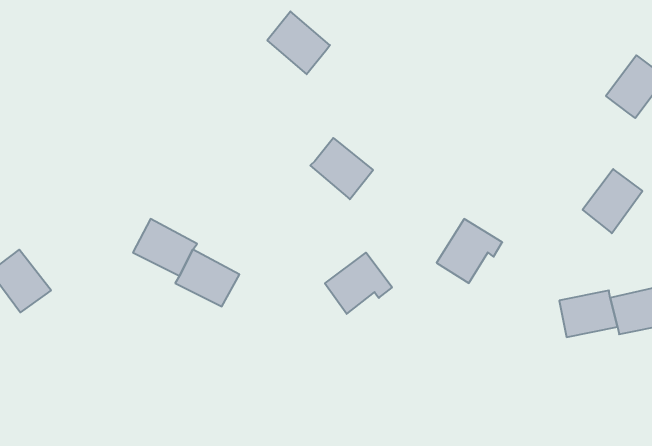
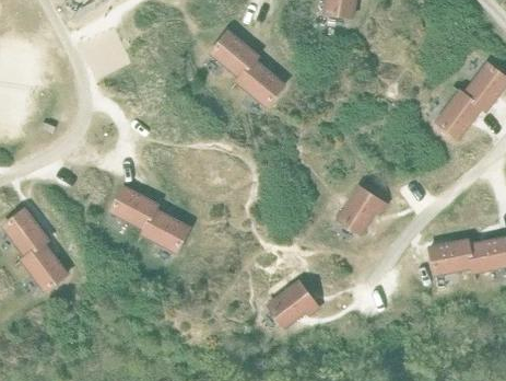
building: [310,138,373,199] -> [237,60,284,106]
building: [583,169,642,233] -> [437,91,482,139]
building: [325,253,392,314] -> [269,281,319,327]
building: none -> [22,243,68,290]

